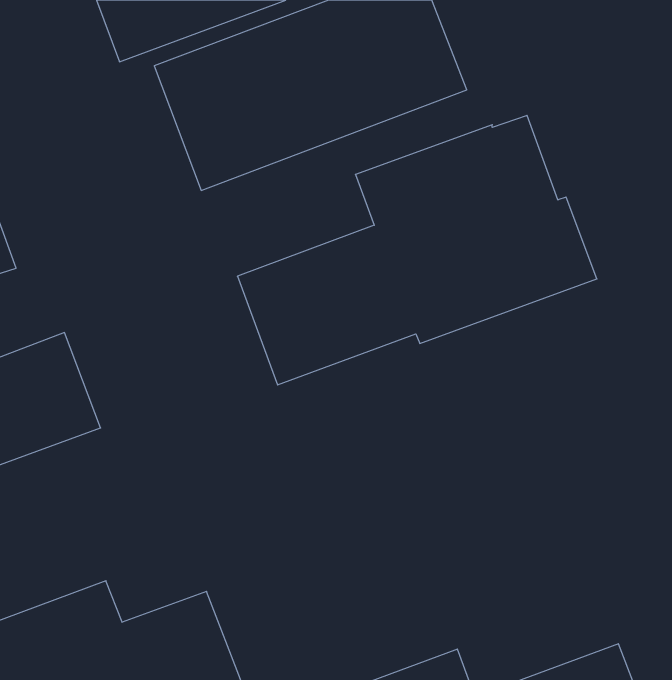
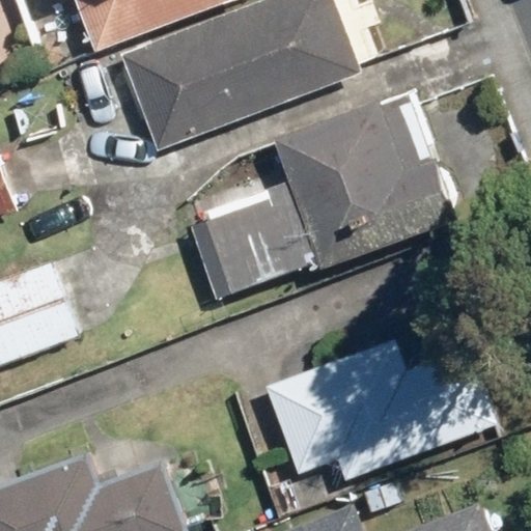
building: none -> [267,341,503,480]

